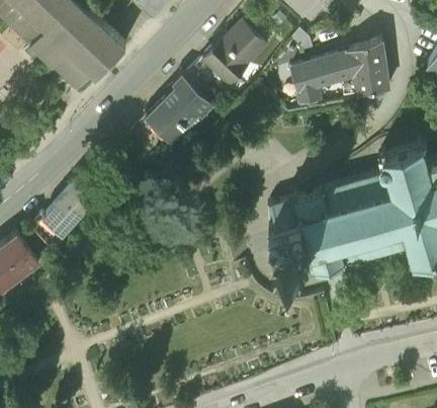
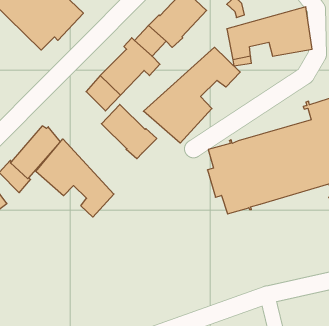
building: none -> [143,47,240,143]
building: none -> [101,104,157,159]
building: none -> [36,139,114,217]

